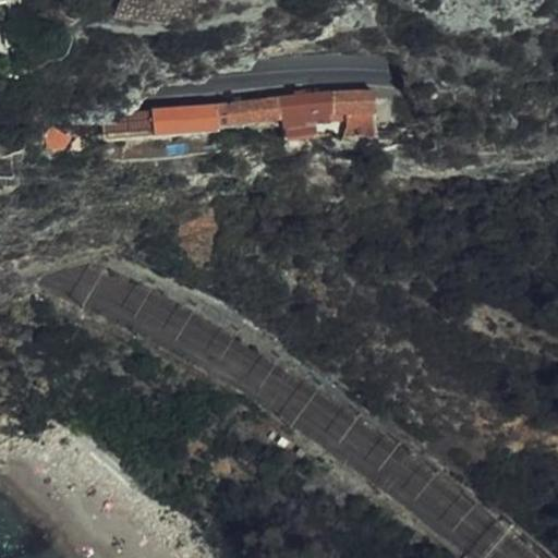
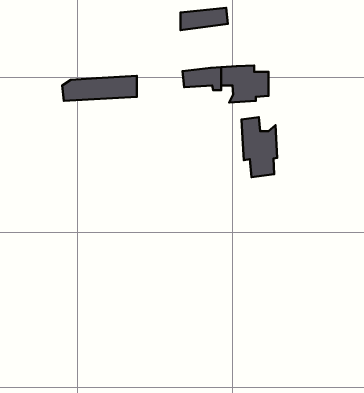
building: [201,98,265,129] -> [180,8,228,30]
building: none -> [242,117,277,177]

